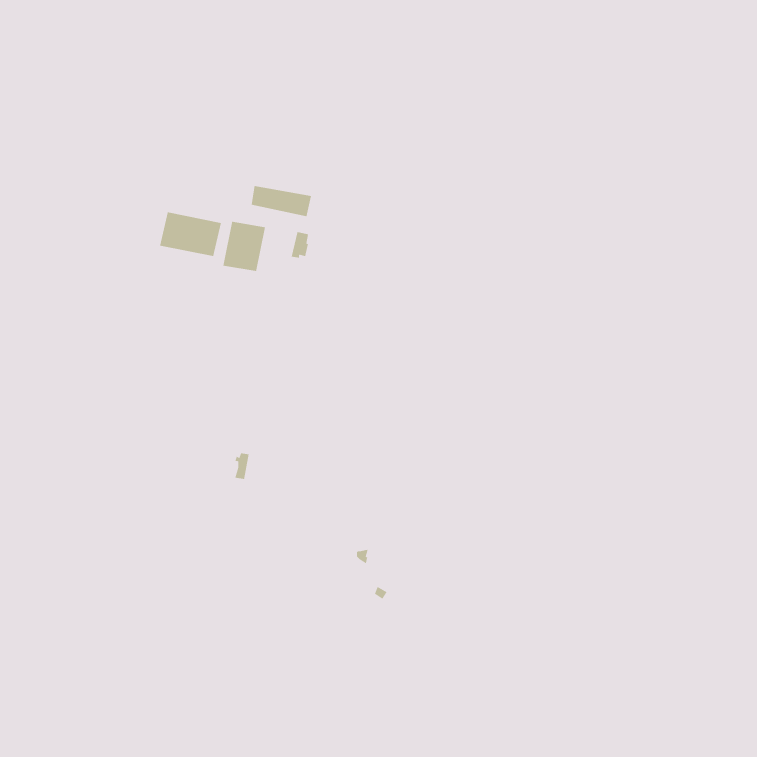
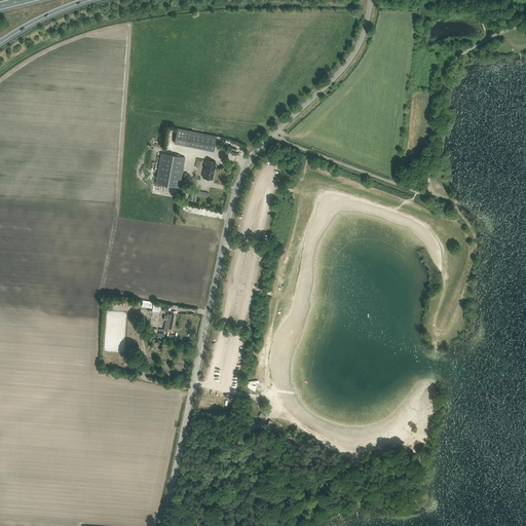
building: [160,212,221,257] -> none

